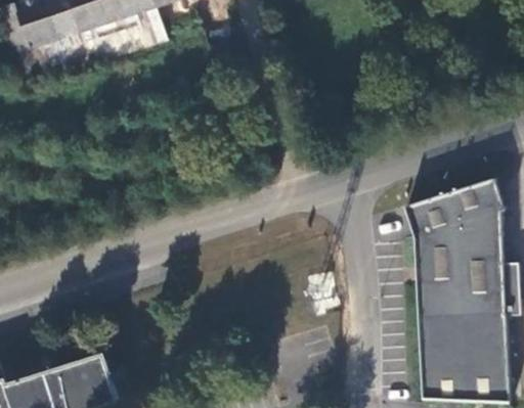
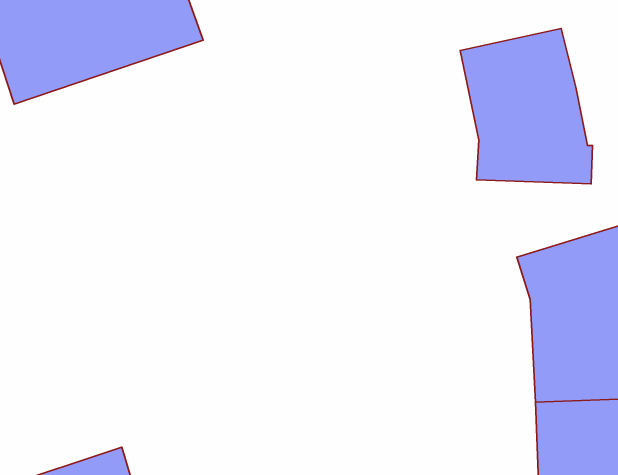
building: none -> [460,28,593,184]

